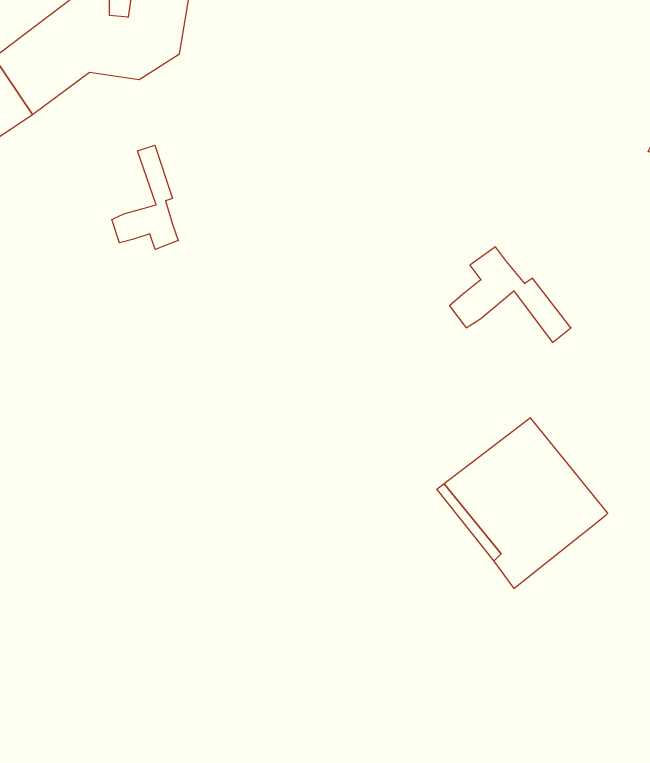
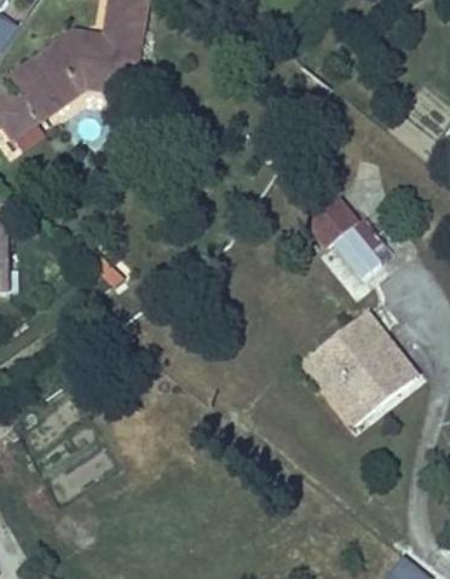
building: [112,145,178,249] -> none
building: none -> [334,230,385,284]

